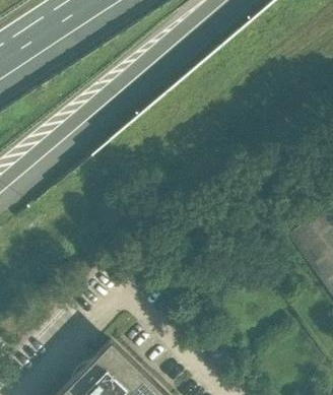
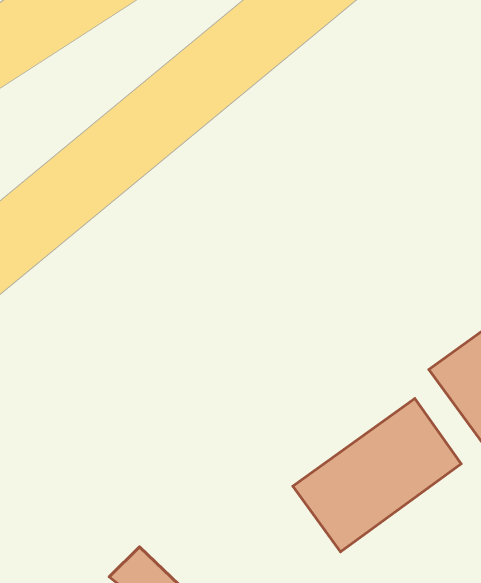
building: none -> [293,398,461,552]

